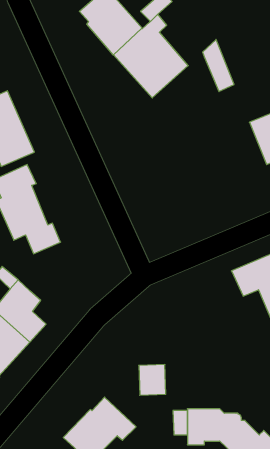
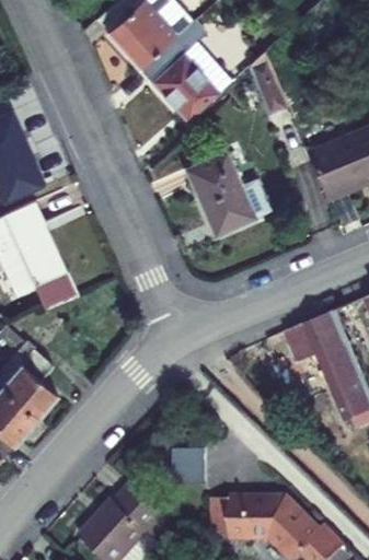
building: none -> [186,153,268,229]

